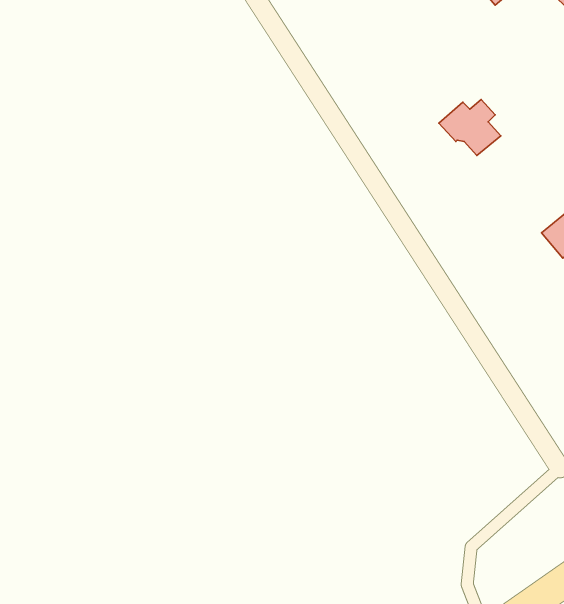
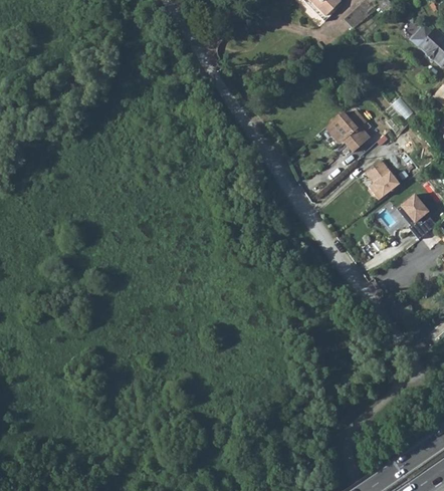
building: none -> [365,159,399,199]

